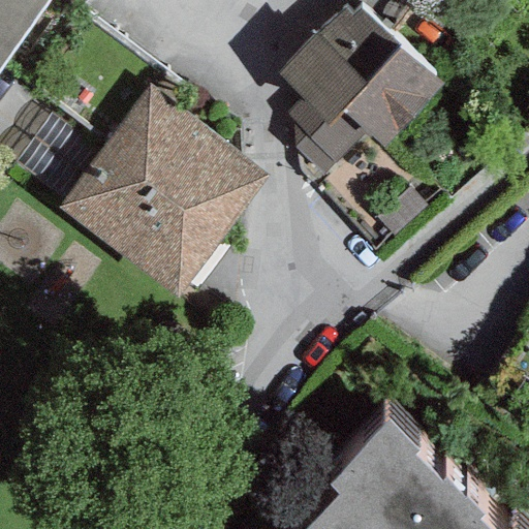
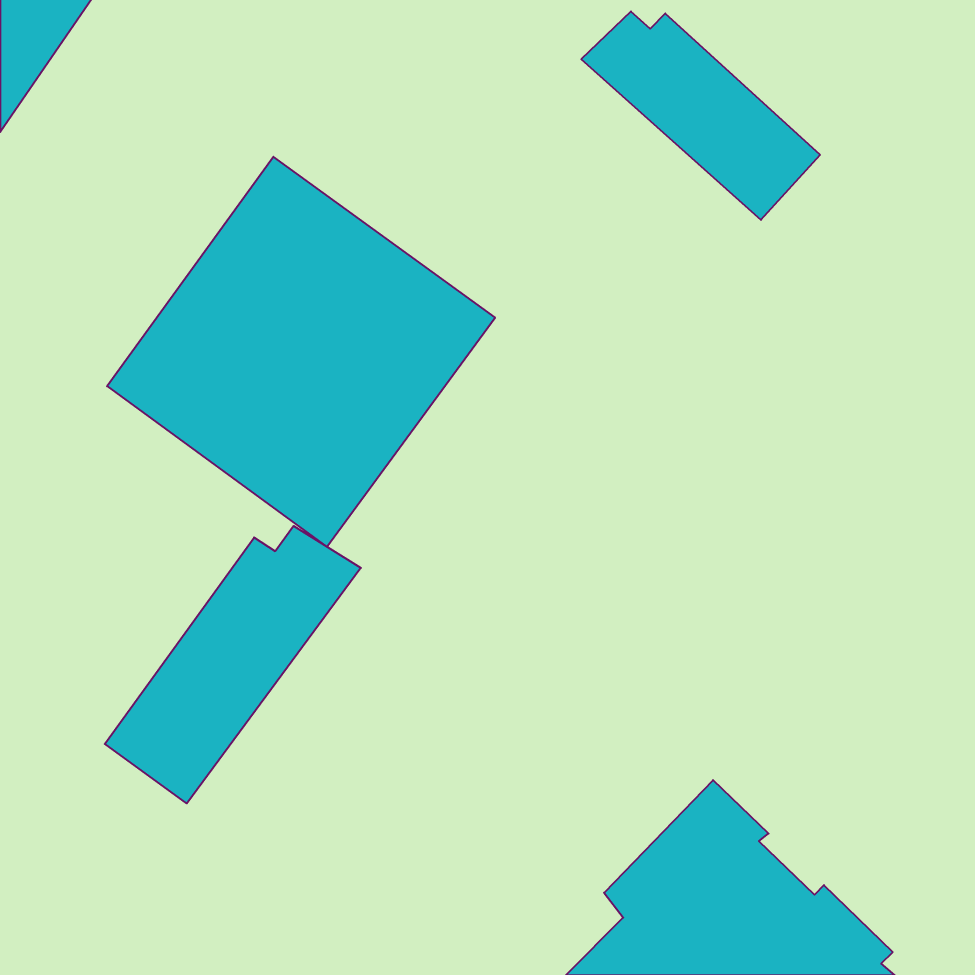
building: [278,32,412,183] -> none
building: none -> [105,526,361,803]

